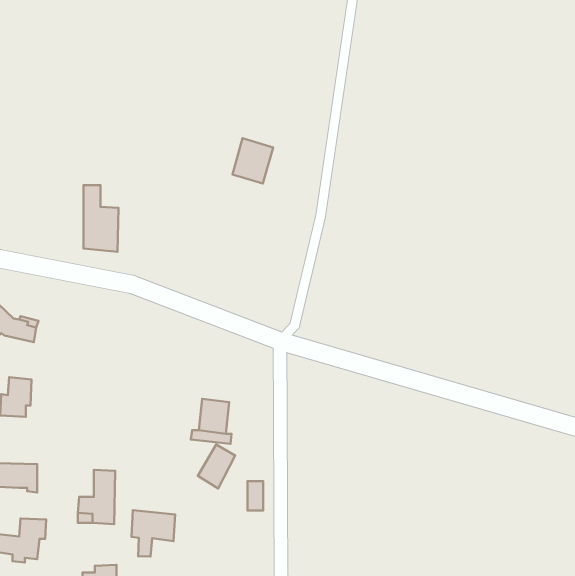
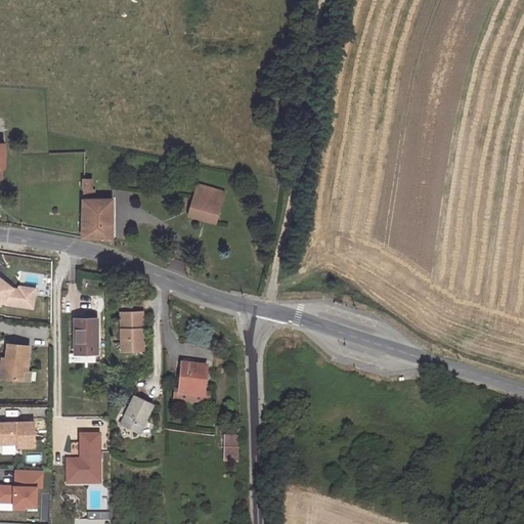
building: [232,138,273,184] -> [186,185,223,226]
building: none -> [120,311,143,350]
building: none -> [75,319,96,354]
building: [198,444,235,488] -> [119,393,152,433]
building: [132,510,175,557] -> none

